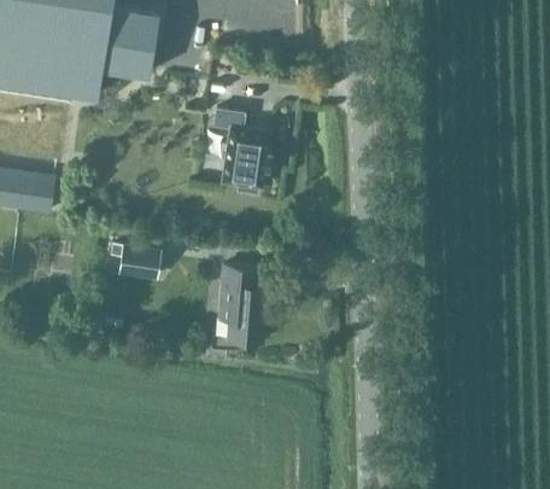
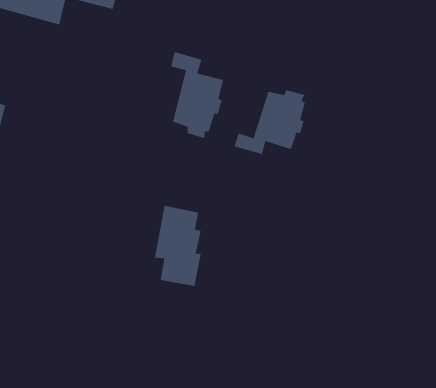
building: none -> [234,90,305,155]
building: [116,244,159,278] -> none

